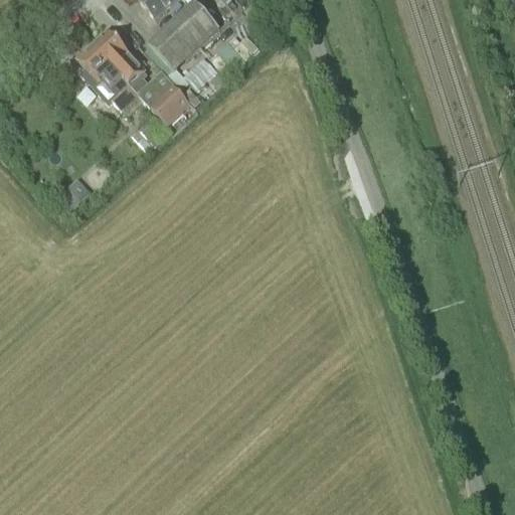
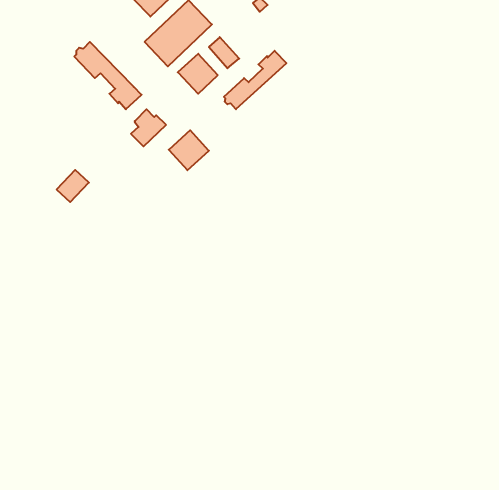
building: [93,29,149,90] -> none
building: none -> [224,51,286,109]
building: [150,80,191,122] -> [169,130,209,170]

